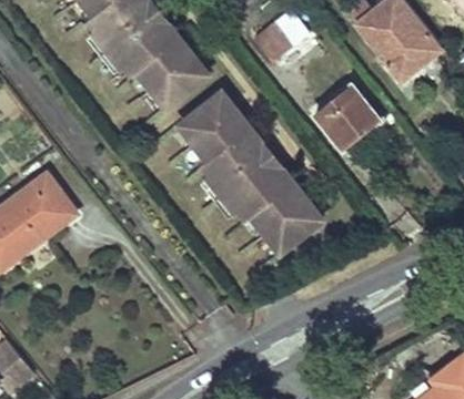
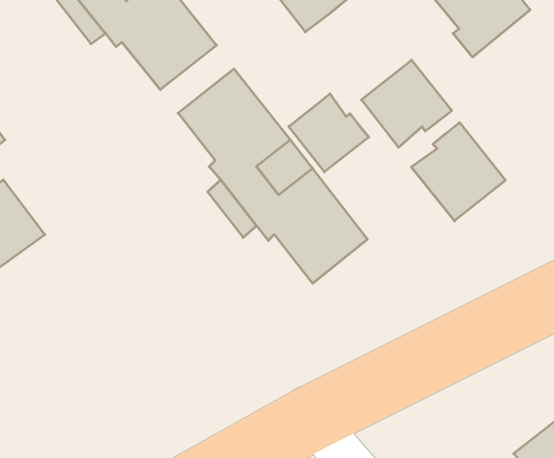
building: none -> [289,94,369,172]
building: none -> [411,123,505,221]

